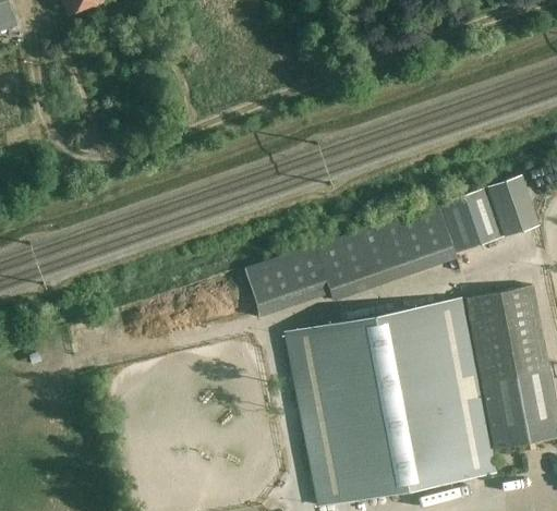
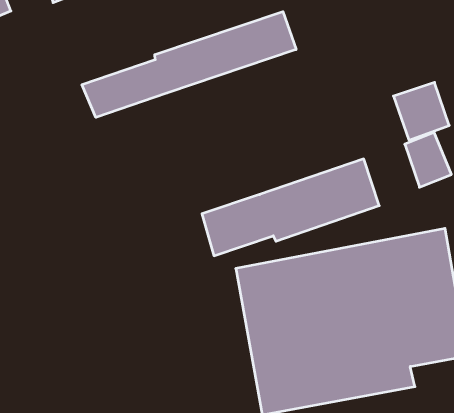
building: none -> [82,12,296,117]
building: [438,184,505,253] -> [393,82,449,140]

